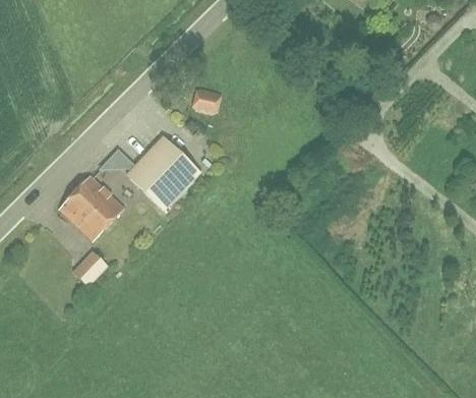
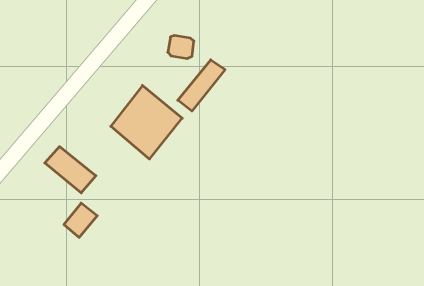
building: none -> [178,60,225,111]
building: [74,174,124,223] -> none

